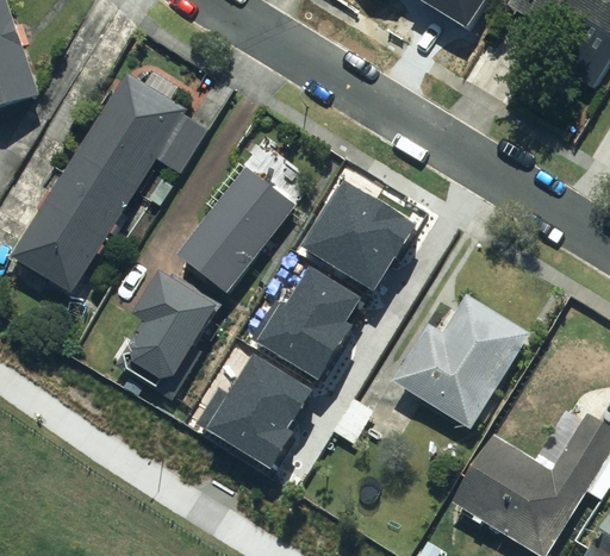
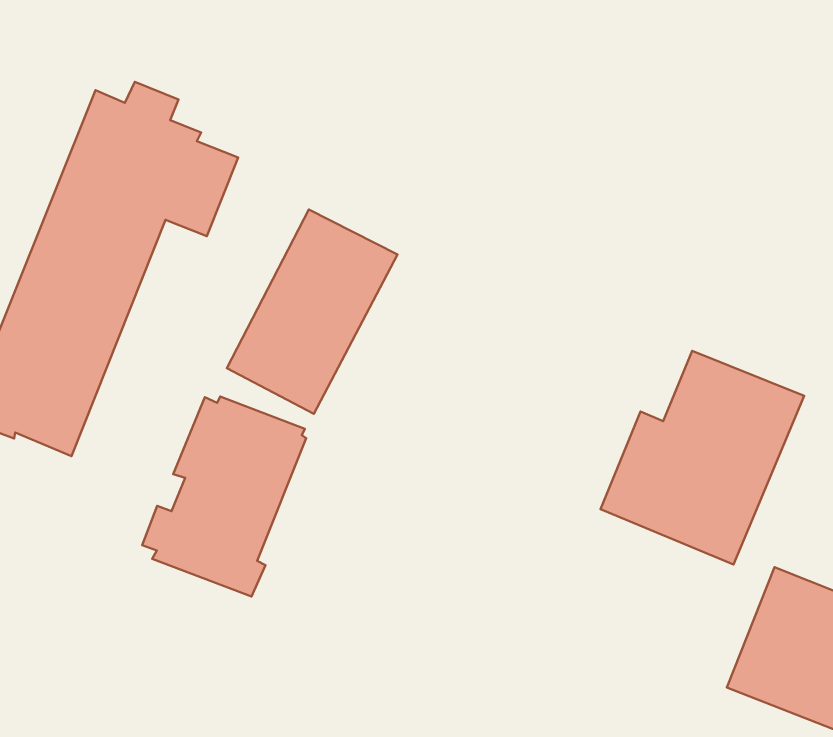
building: [295,176,406,283] -> none
building: [249,265,354,375] -> none
building: [200,351,303,461] -> none

